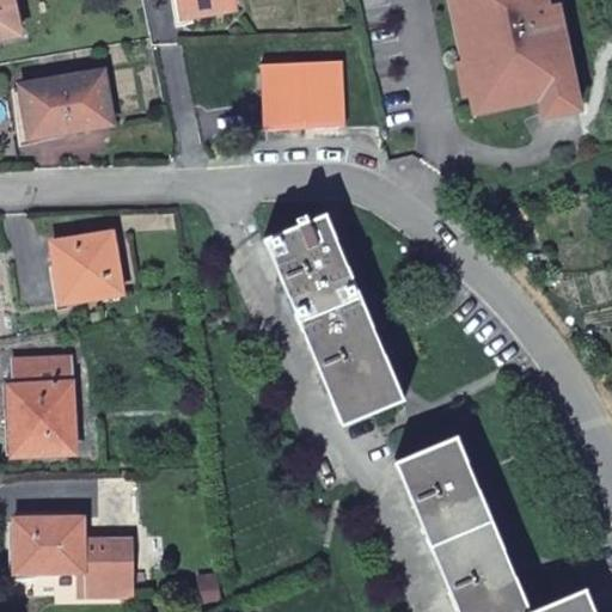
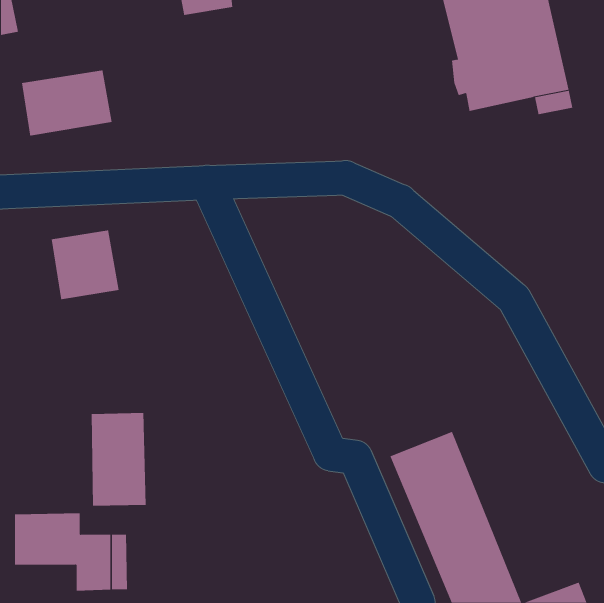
building: [264,49,347,129] -> none
building: [265,215,403,423] -> none
building: [17,360,73,454] -> [91,413,147,506]

